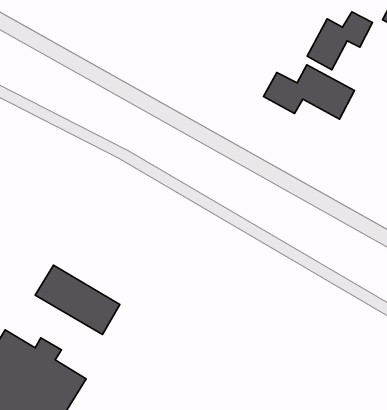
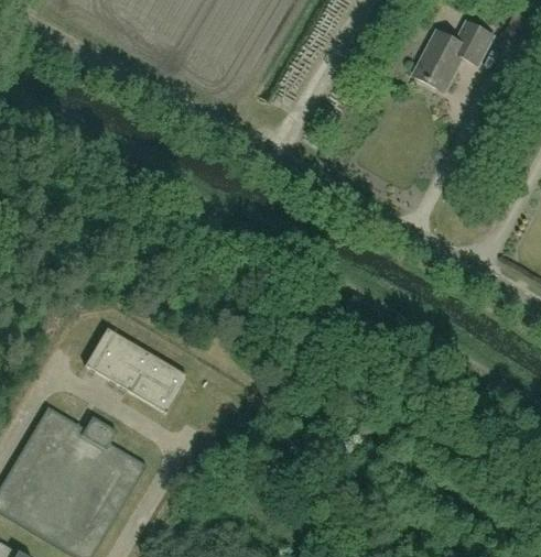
building: [264,65,354,119] -> none

